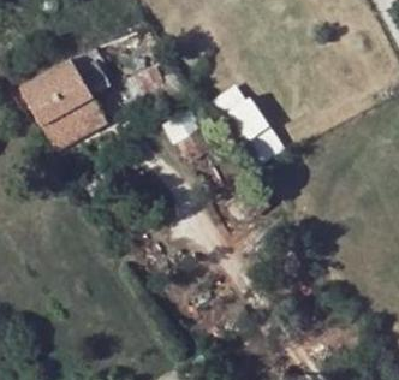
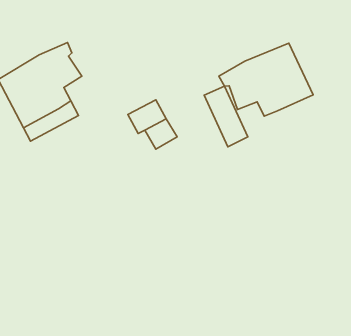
building: none -> [219,43,313,116]

